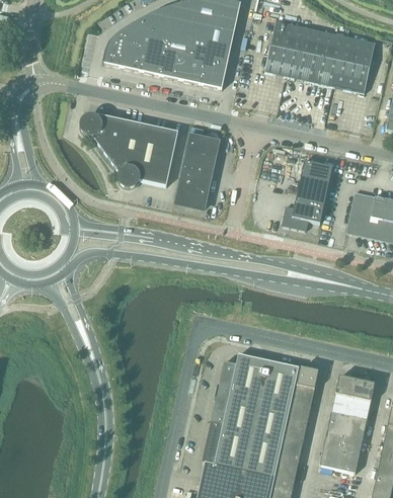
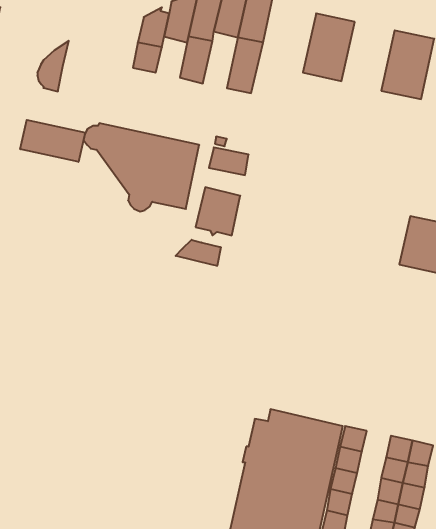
building: [104,24,131,67] -> [37,41,69,91]
building: [297,28,341,86] -> none
building: [180,36,210,84] -> none
building: [141,40,167,75] -> none
building: none -> [20,120,85,162]
building: [182,151,216,174] -> none
building: [282,160,331,230] -> none
building: none -> [176,240,221,266]

